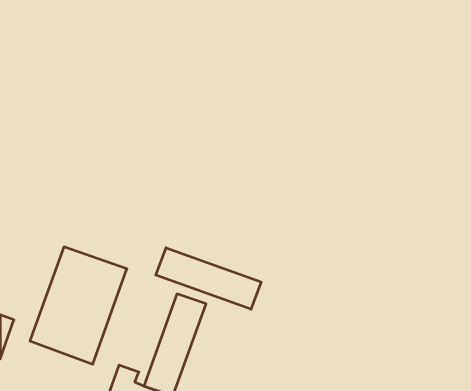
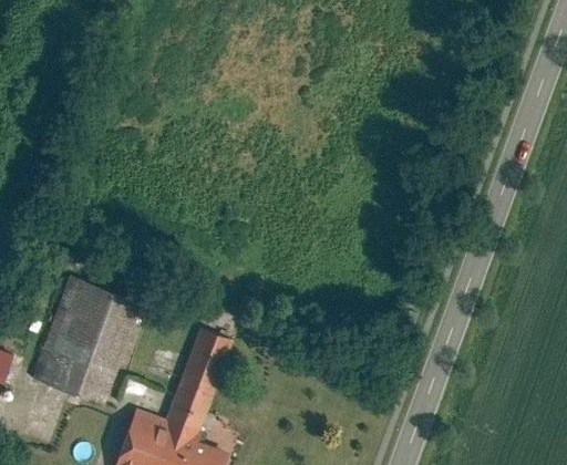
building: [156,248,261,309] -> none

